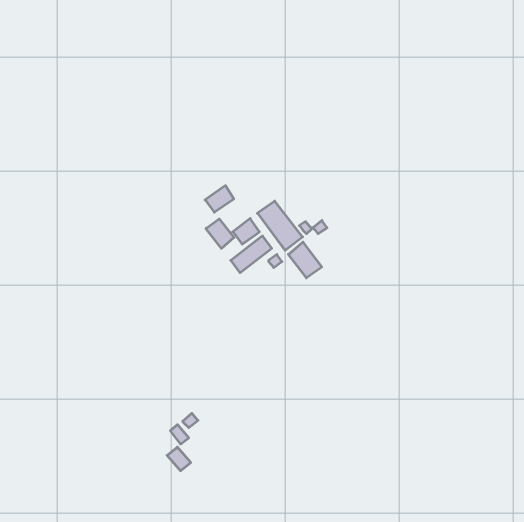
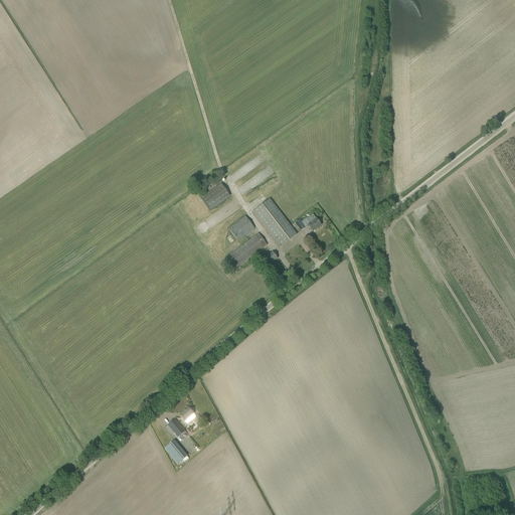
building: [206,219,234,248] -> none
building: [288,242,322,278] -> none

